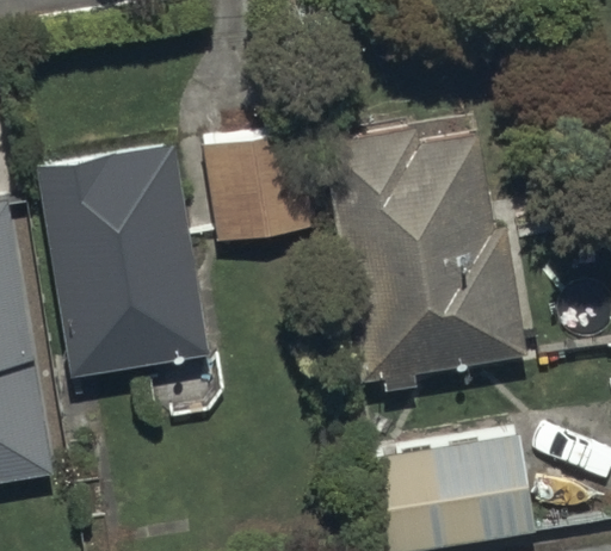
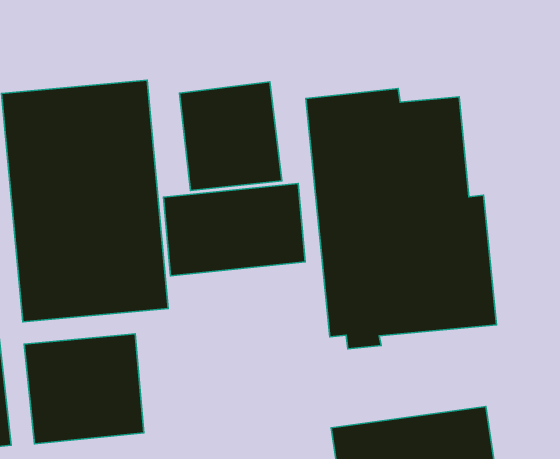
building: none -> [164,184,305,276]
building: none -> [24,334,144,444]

